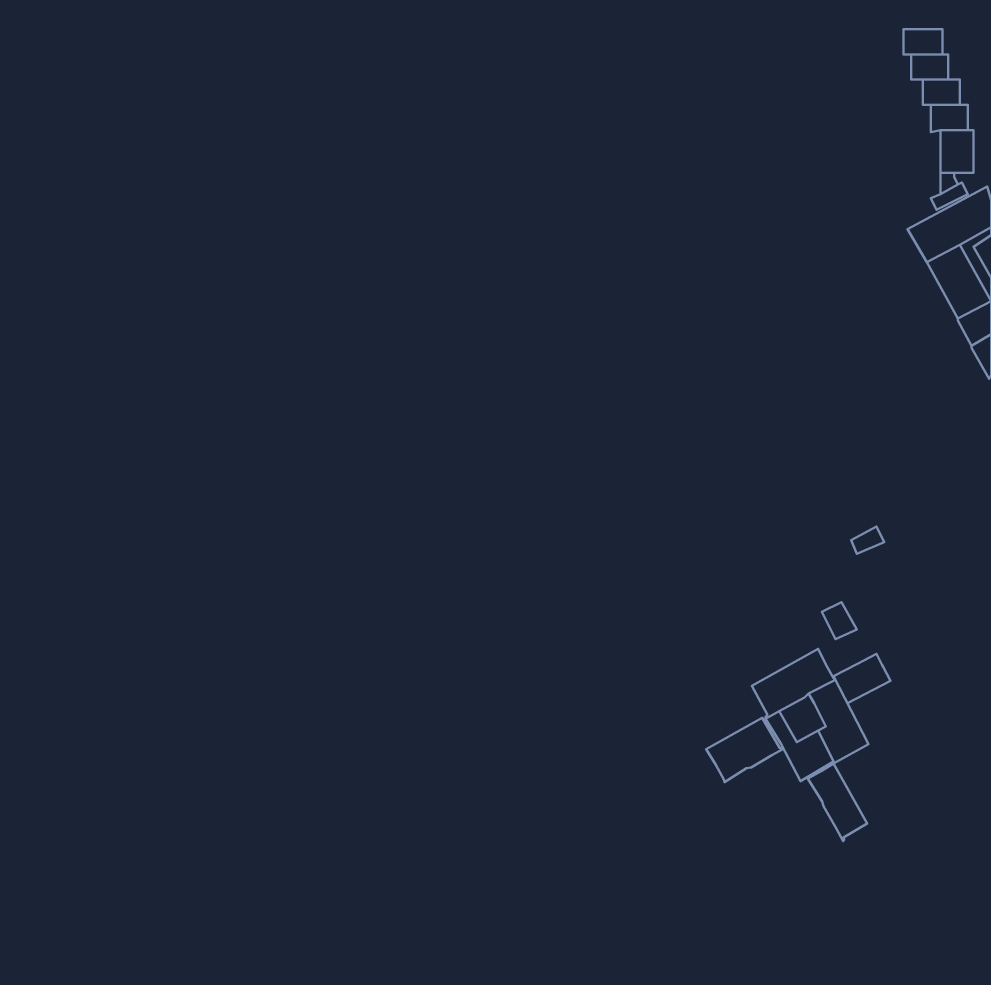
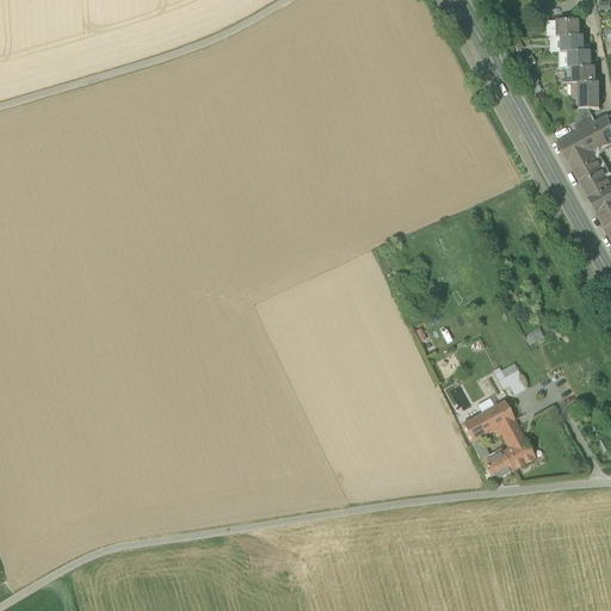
building: [834,654,890,703] -> none
building: [706,718,784,782] -> none
building: [808,764,867,841] -> none

